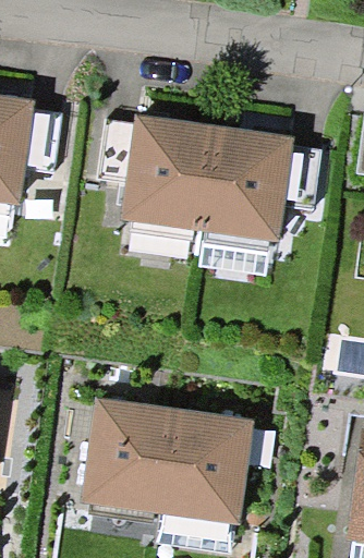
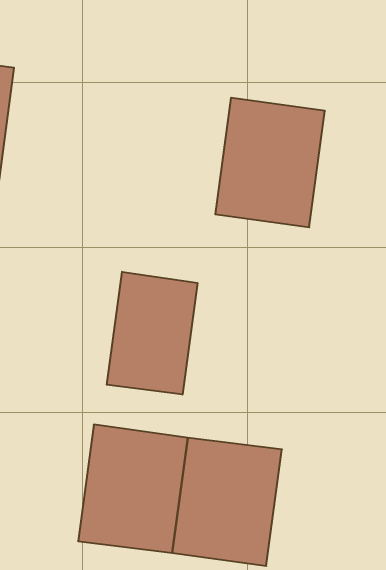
building: [117,117,208,223] -> none
building: none -> [107,272,197,395]

